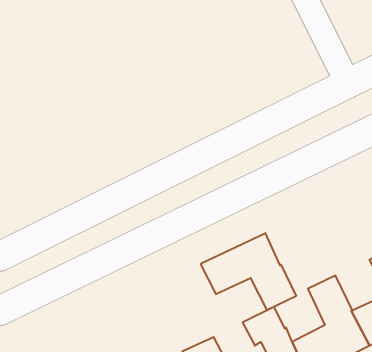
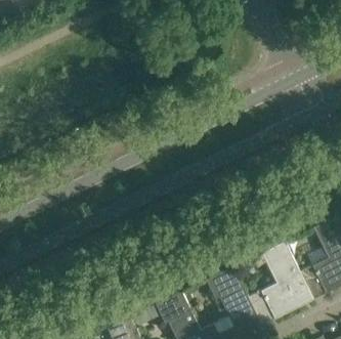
building: [201,233,296,310] -> none

